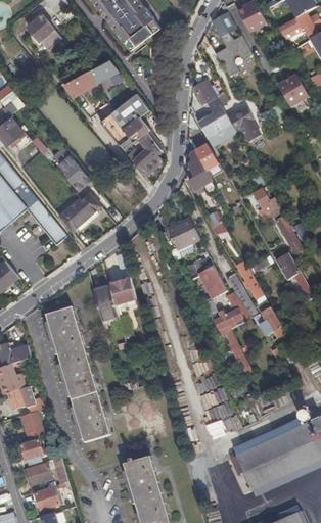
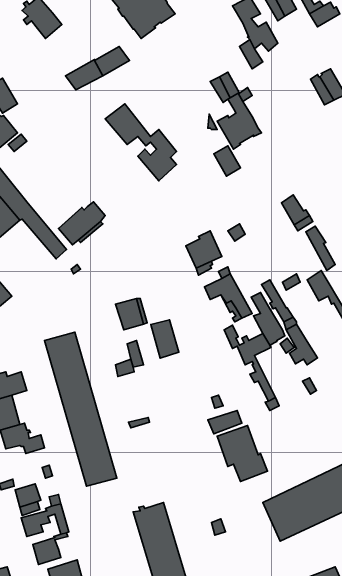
building: [117,91,163,149] -> none
building: [228,108,260,141] -> none
building: [50,147,91,200] -> none
building: [188,151,217,195] -> none
building: [93,287,118,321] -> [151,320,179,358]
building: [20,413,44,441] -> none

